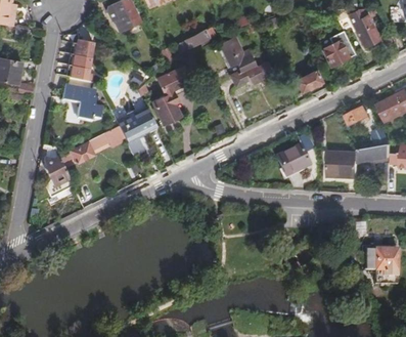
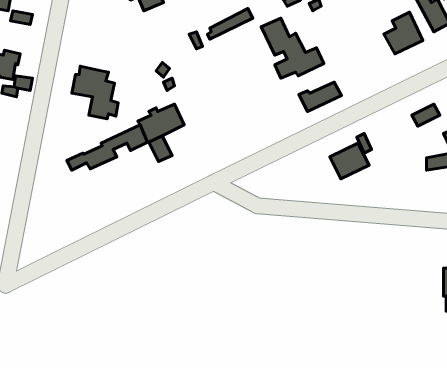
building: [70,37,96,79] -> none
building: [153,67,195,123] -> none
building: [287,71,323,95] -> [299,82,342,112]
building: [329,153,360,178] -> none
building: [45,154,74,195] -> none

